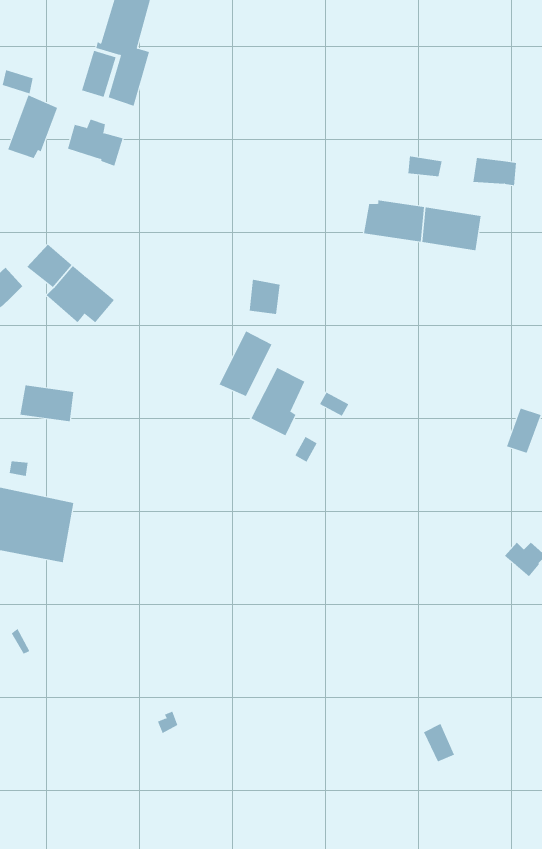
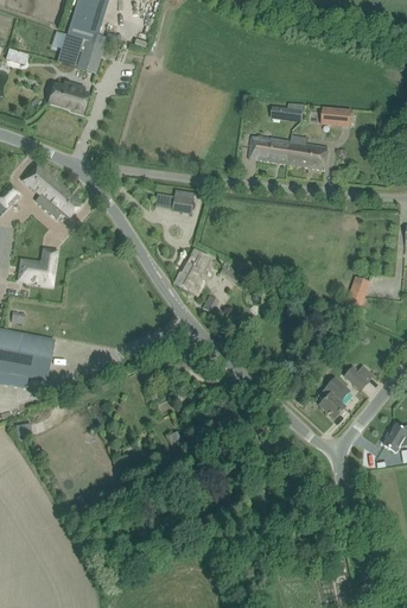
building: [8,95,58,159] -> none
building: [219,330,272,397] -> none
building: none -> [317,376,348,418]

